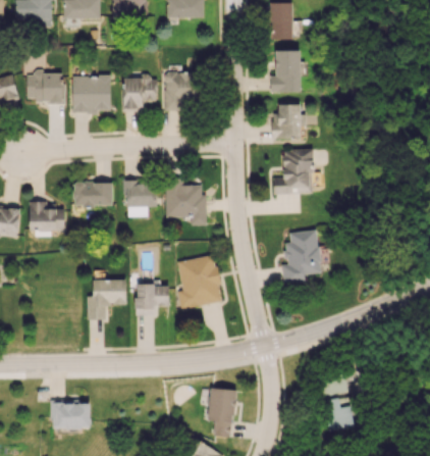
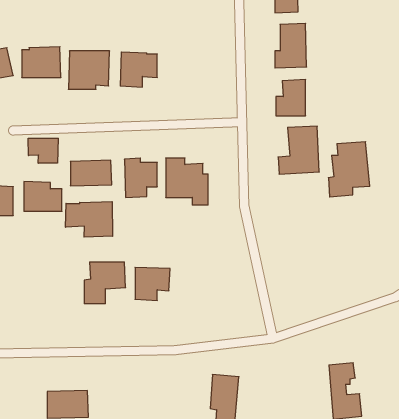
building: [163,71,195,111] -> none
building: none -> [28,138,58,163]
building: none -> [66,202,113,237]
building: [281,231,321,284] -> [328,142,370,197]
building: [177,255,222,309] -> none

